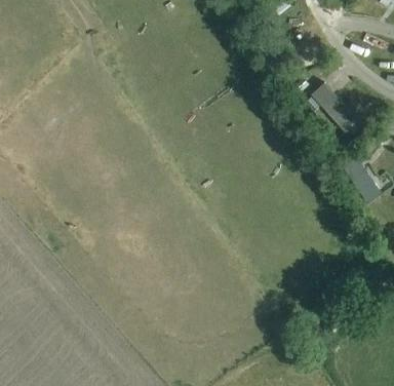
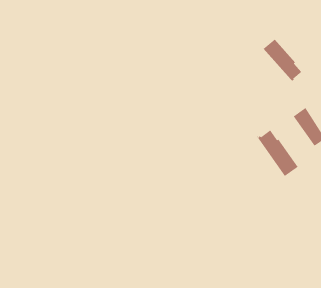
building: none -> [257,130,298,177]

